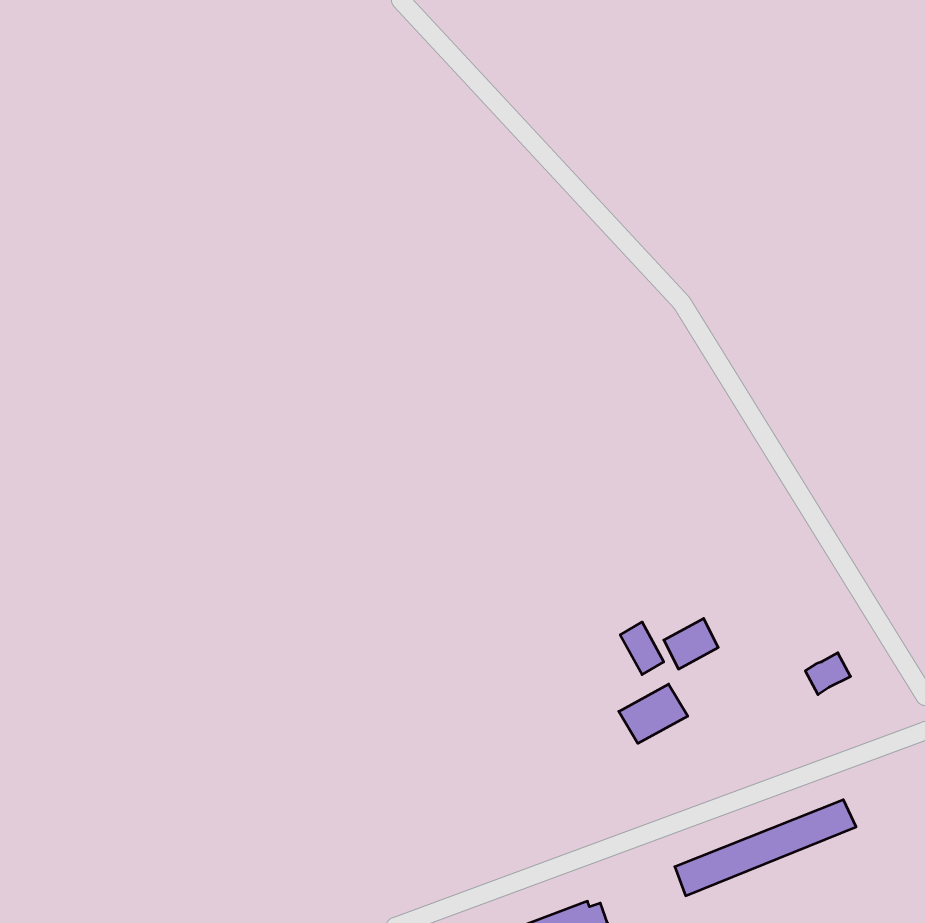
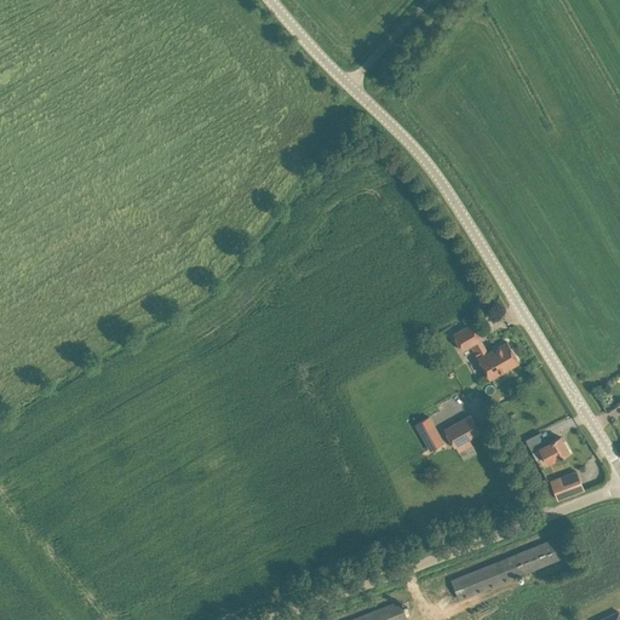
building: none -> [452,326,517,381]
building: [619,684,688,743] -> none
building: none -> [550,472,582,501]

